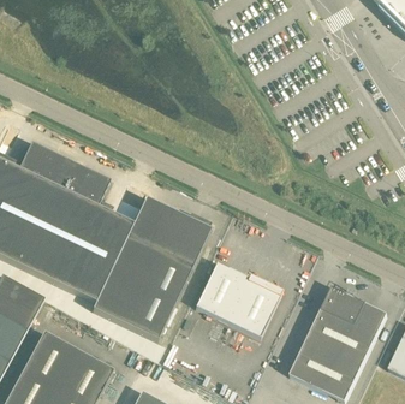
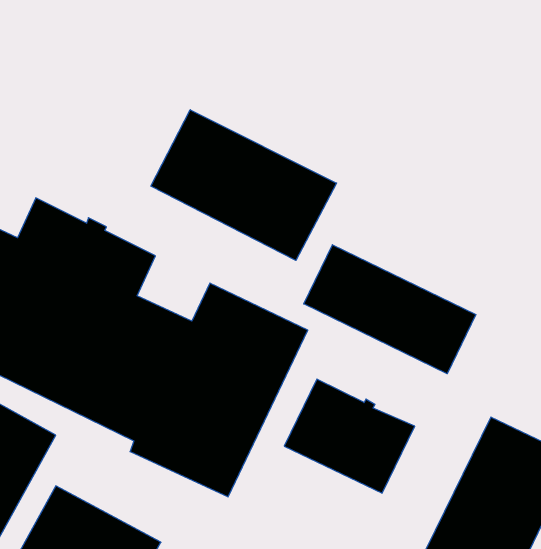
building: none -> [151,110,337,260]
building: none -> [304,245,476,374]

